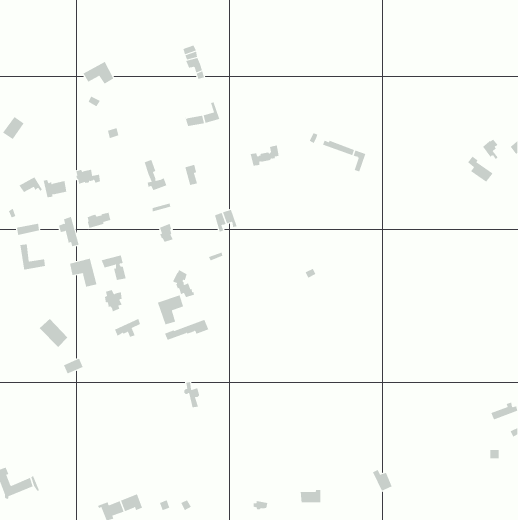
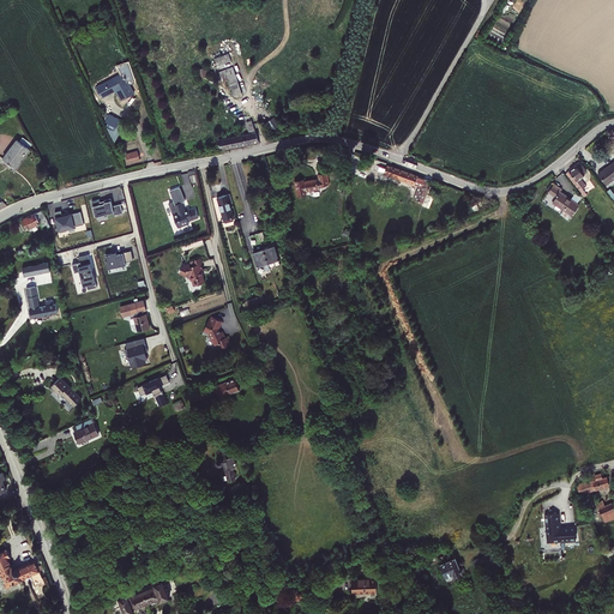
building: [70,258,97,287] -> none
building: [157,294,184,325] -> none
building: none -> [541,514,572,543]

